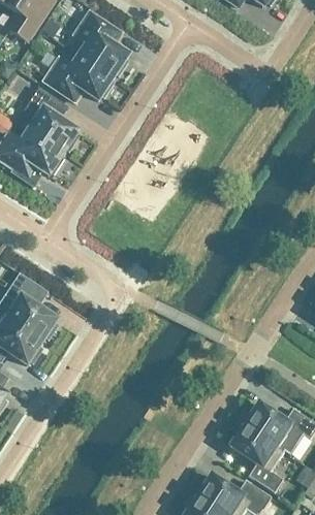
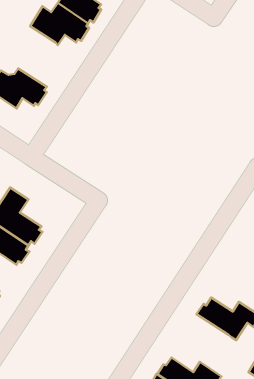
building: [24,87,80,152] -> none
building: [231,422,285,491] -> none

